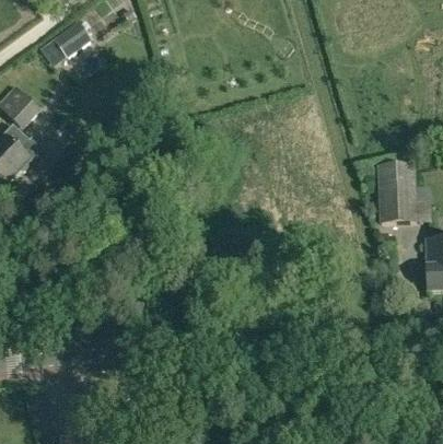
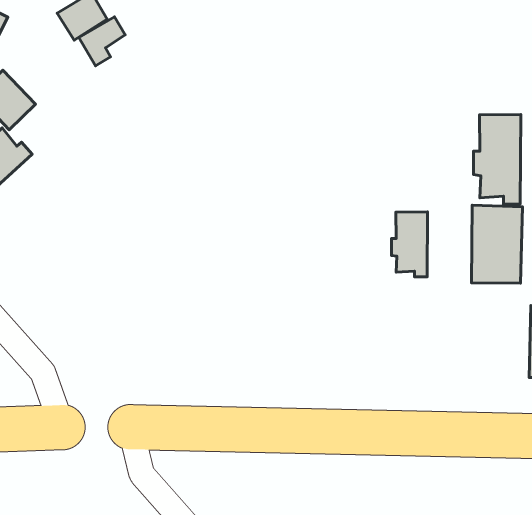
building: none -> [474,115,521,204]
building: none -> [391,212,428,277]

